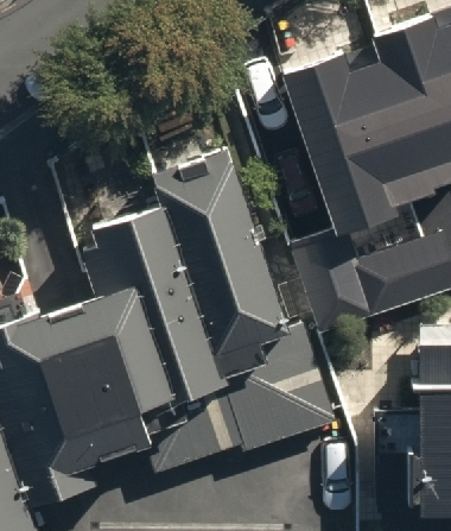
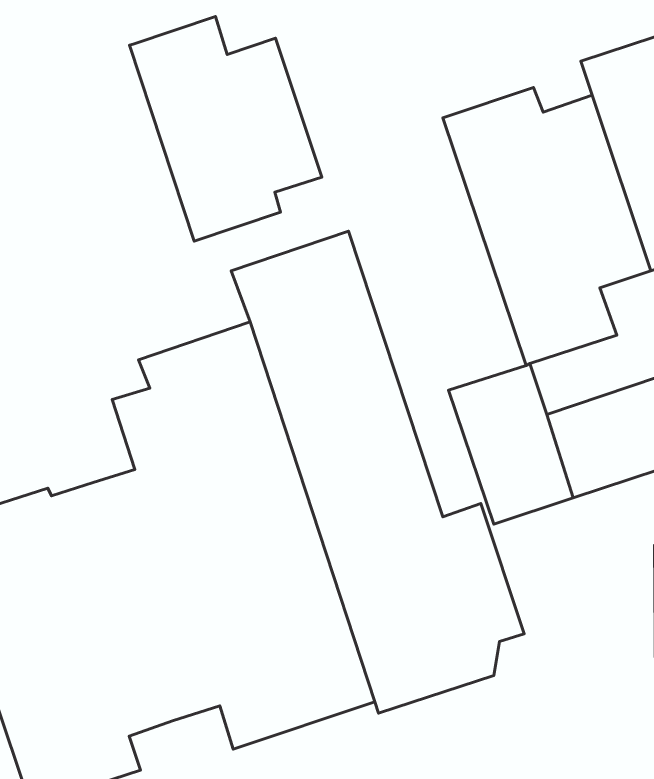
building: none -> [129,16,322,241]

